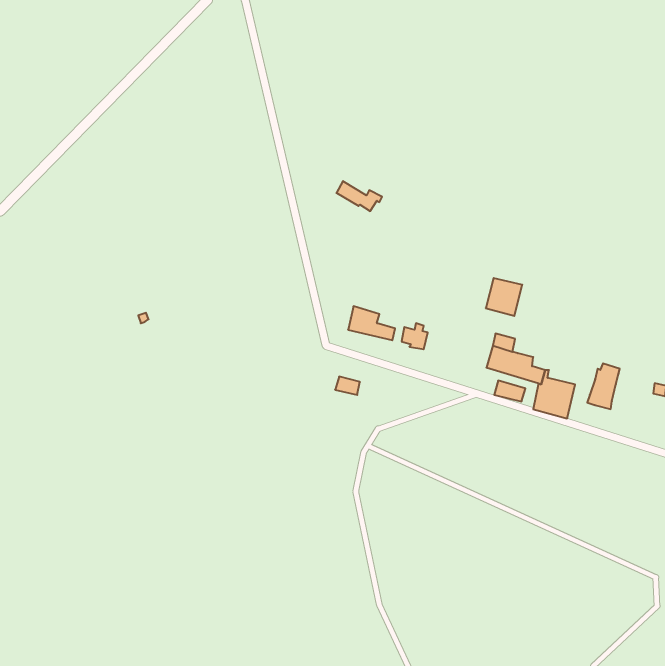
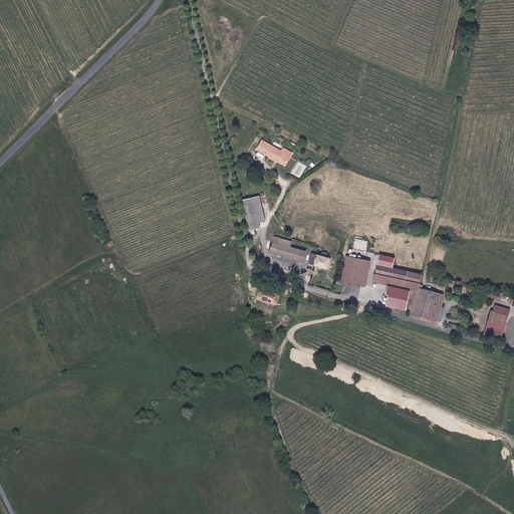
building: none -> [243,196,266,231]
building: [486,278,522,316] -> [341,255,369,284]
building: [587,363,620,409] -> [484,304,509,339]

